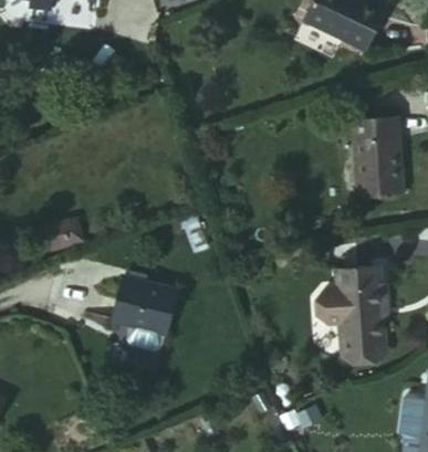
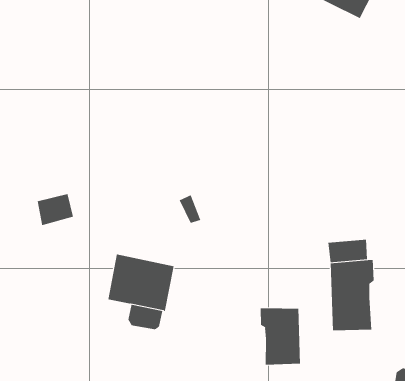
building: [349,115,401,200] -> none
building: none -> [260,308,301,365]

